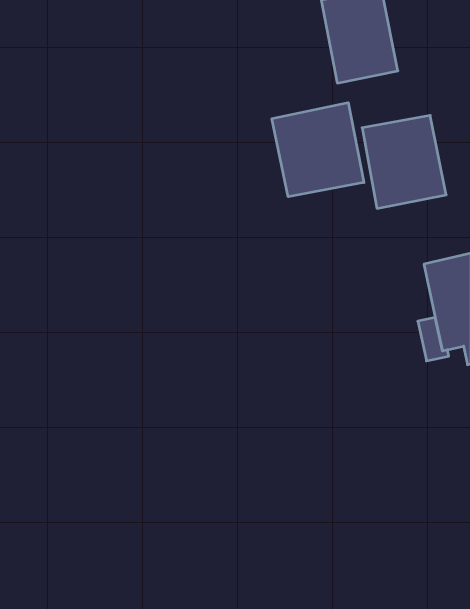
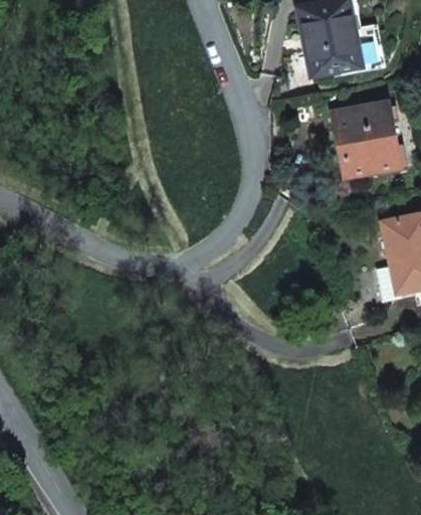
building: [272,103,364,197] -> none

